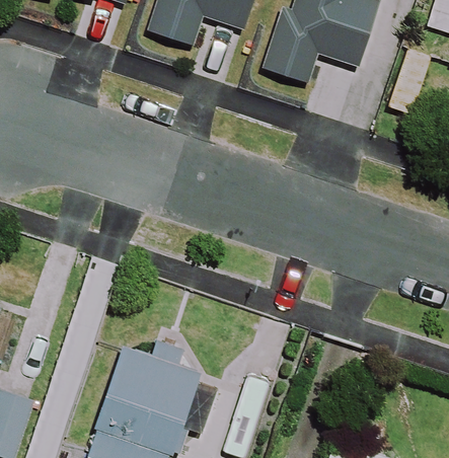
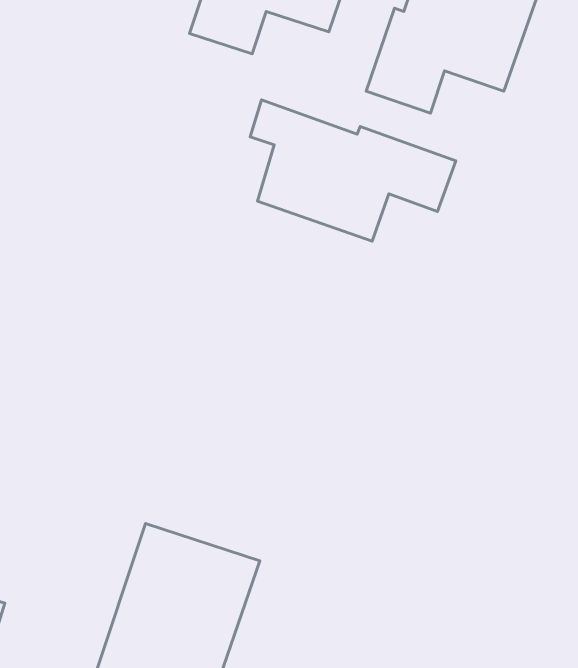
building: none -> [250,100,456,241]

